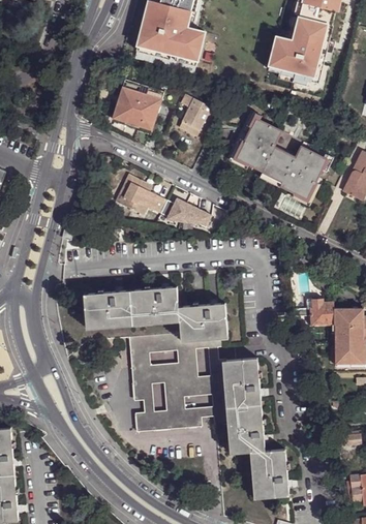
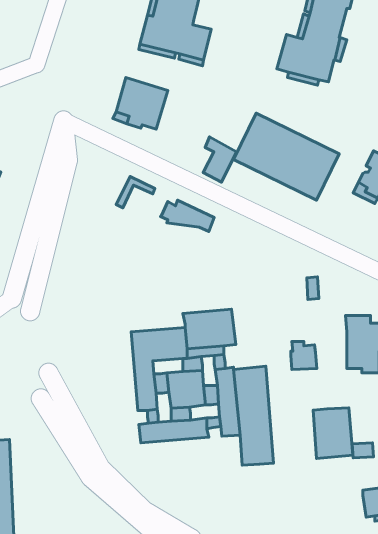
building: [179,94,211,137] -> [203,137,237,182]
building: [120,184,163,215] -> none
building: [85,286,180,325] -> none
building: [310,299,335,326] -> [291,342,317,370]
building: [251,450,289,498] -> [313,408,353,459]

